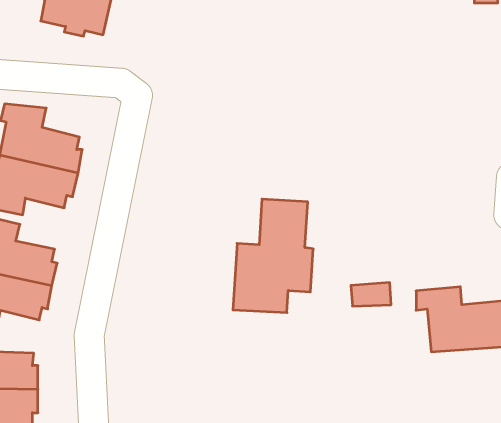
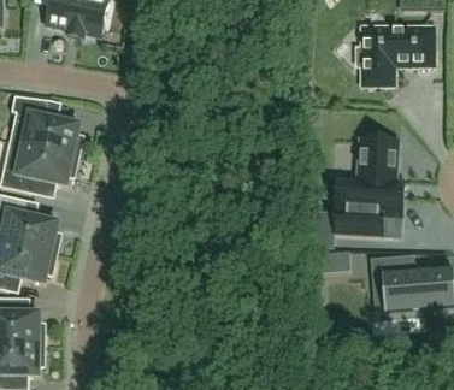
building: none -> [358,26,435,84]
building: [233,199,313,313] -> [335,137,405,236]

